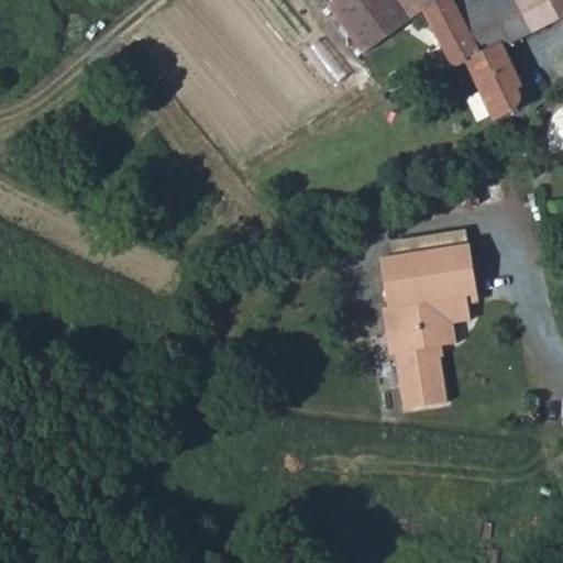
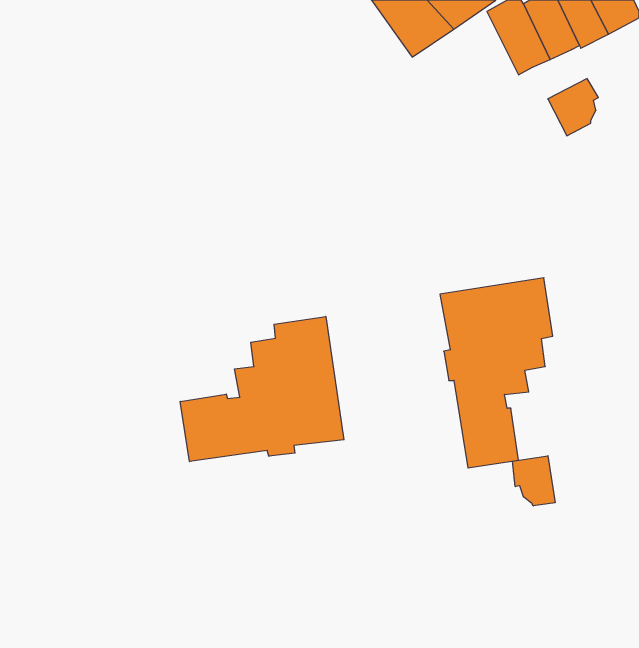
building: [462,43,509,86] -> none
building: none -> [180,316,344,462]
building: none -> [513,456,555,506]

